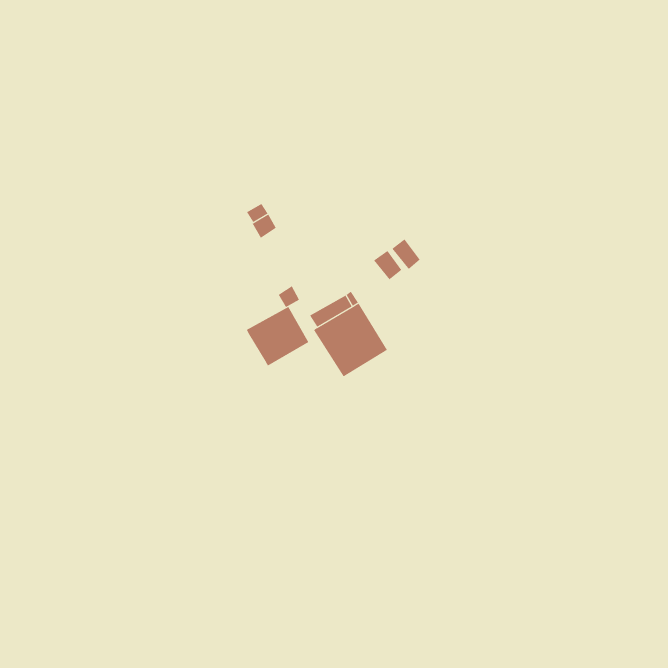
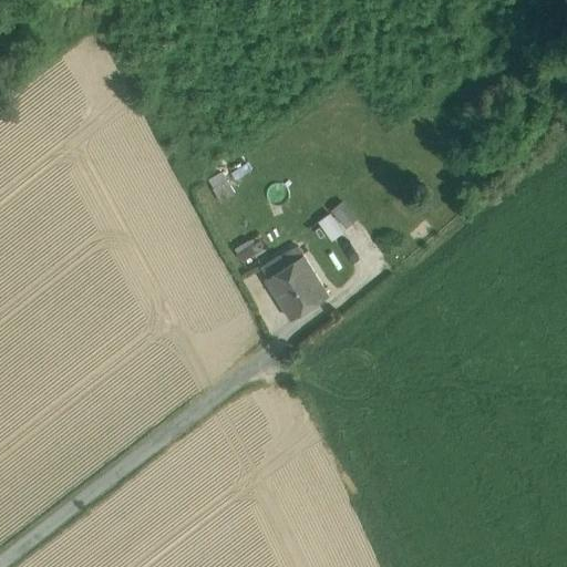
building: [246,306,309,367] -> none

